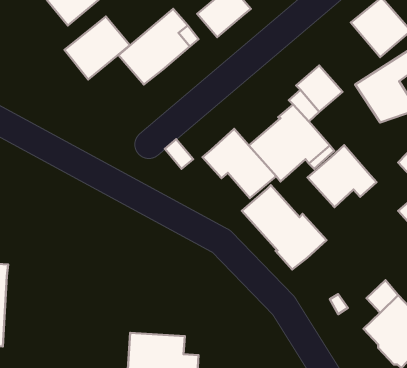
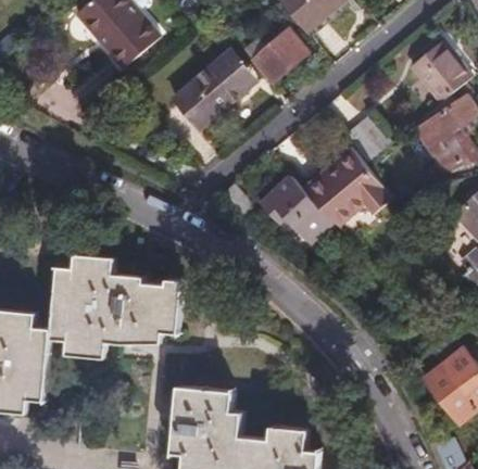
building: [64,17,130,80] -> none
building: [308,145,377,207] -> none
building: [242,185,326,269] -> none
building: none -> [53,251,188,355]

